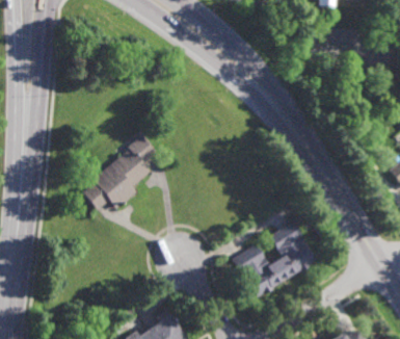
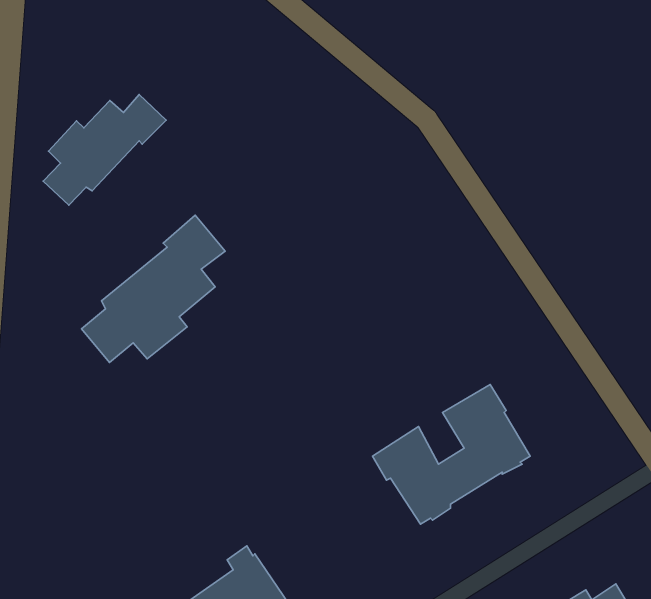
building: none -> [43,94,166,205]

